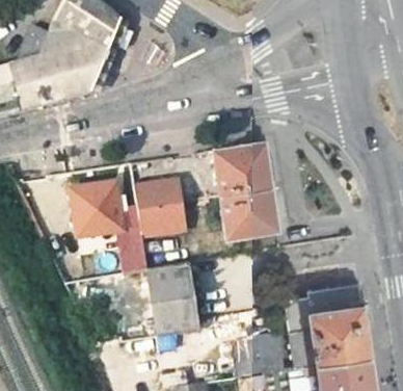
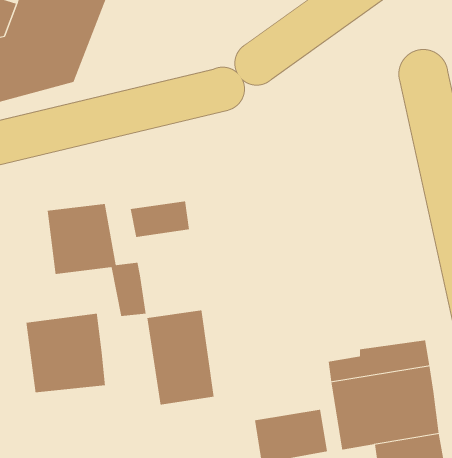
building: [212,142,277,237] -> none
building: [138,202,184,237] -> none
building: none -> [26,313,105,393]

